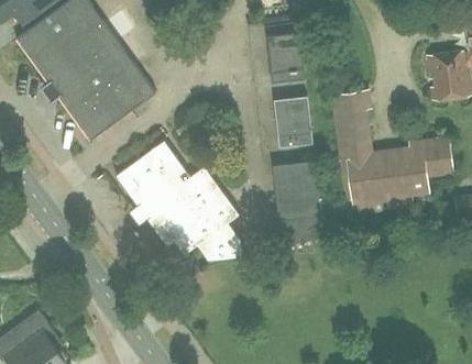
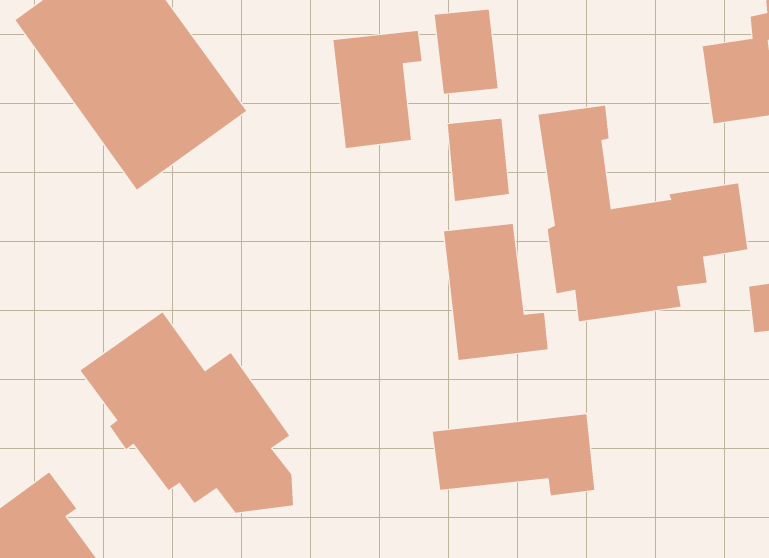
building: none -> [333,30,422,149]
building: [114,141,242,261] -> [80,311,294,513]
building: none -> [432,413,595,496]

